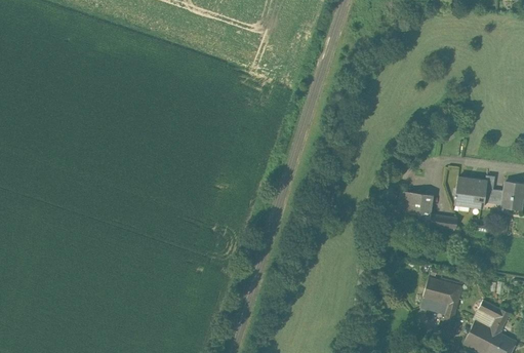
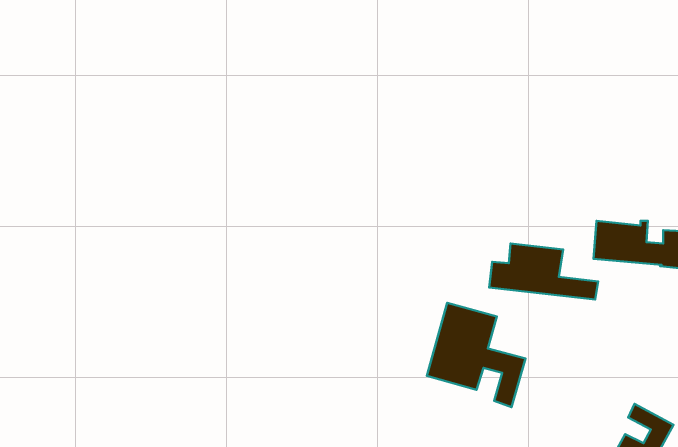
building: none -> [427,303,525,407]
building: [421,276,463,316] -> none

